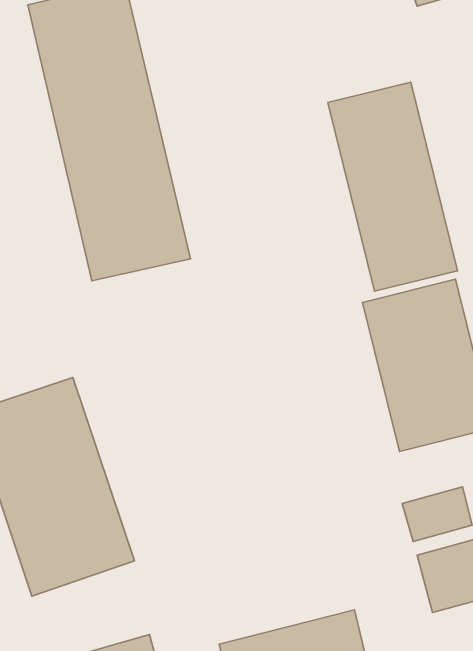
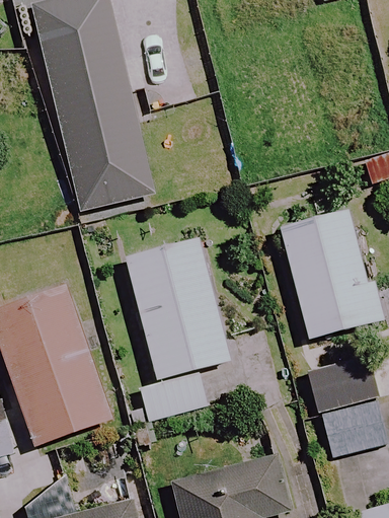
building: [328,82,458,291] -> none
building: none -> [127,239,230,421]

